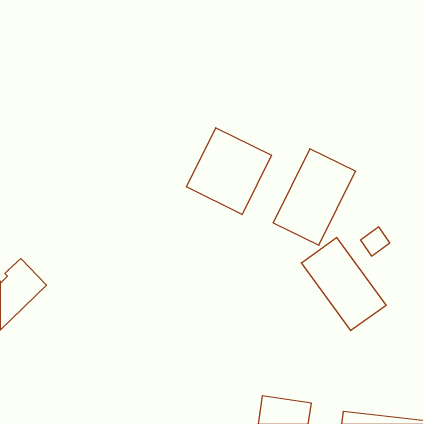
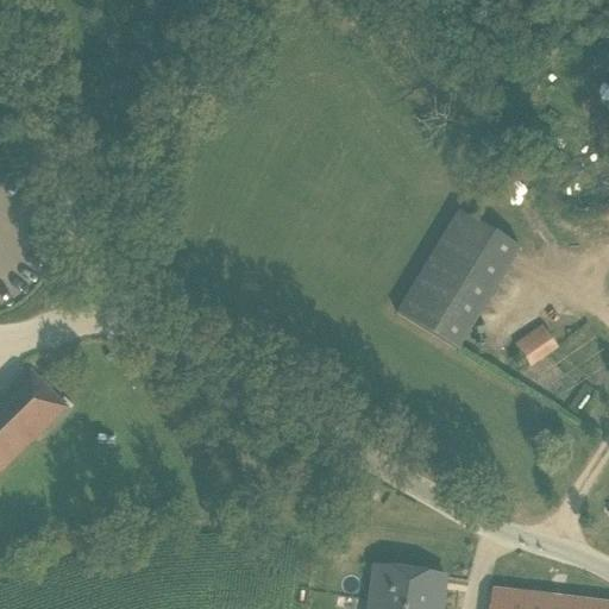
building: [186,128,271,215] -> none
building: [301,237,386,331] -> none

